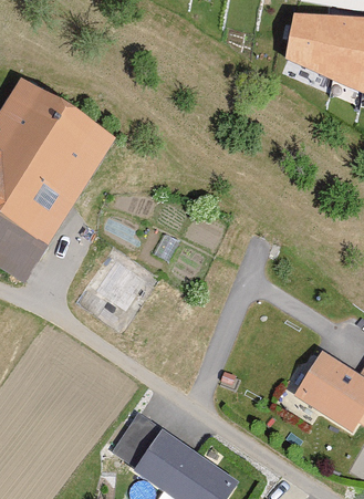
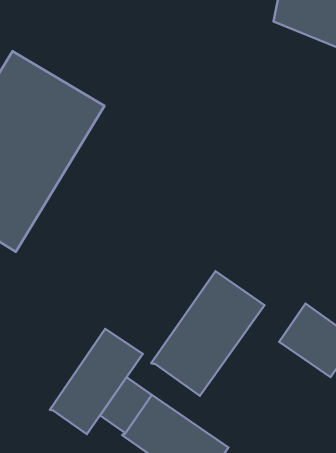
building: none -> [151,271,265,396]
building: none -> [50,329,143,434]

